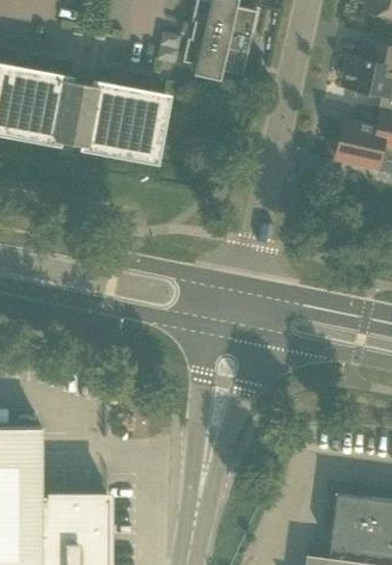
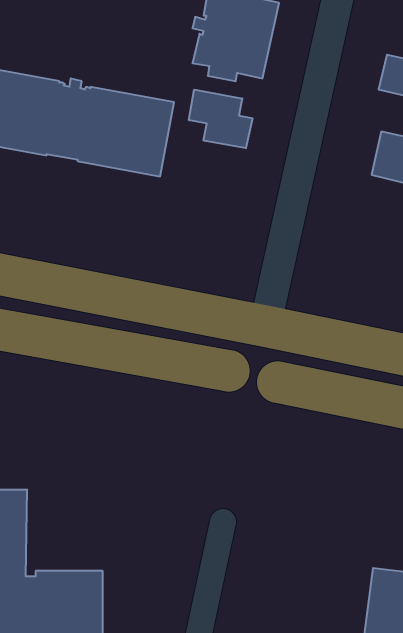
building: none -> [189,90,252,148]

